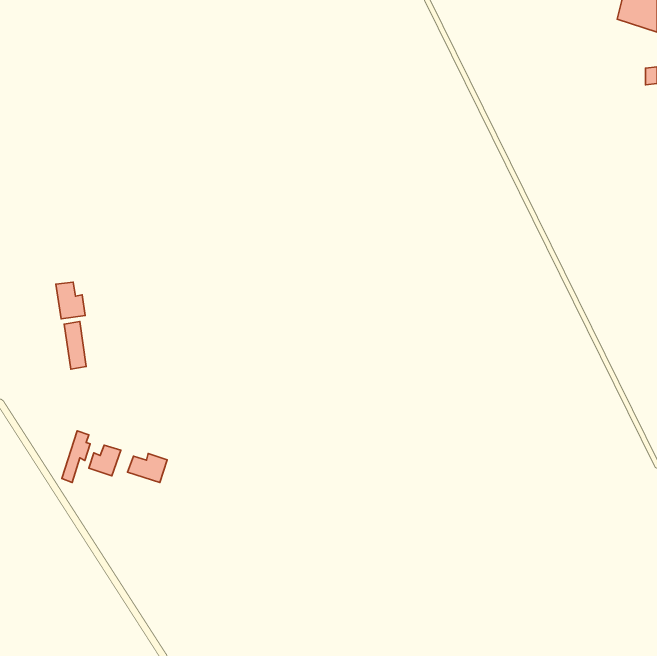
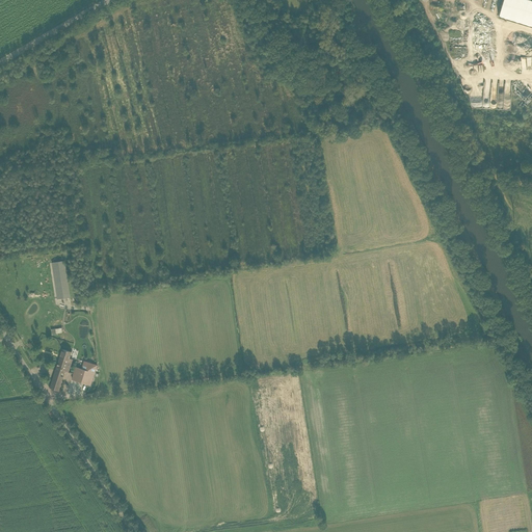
building: [56,282,85,319] -> none
building: [128,454,167,482] -> none

